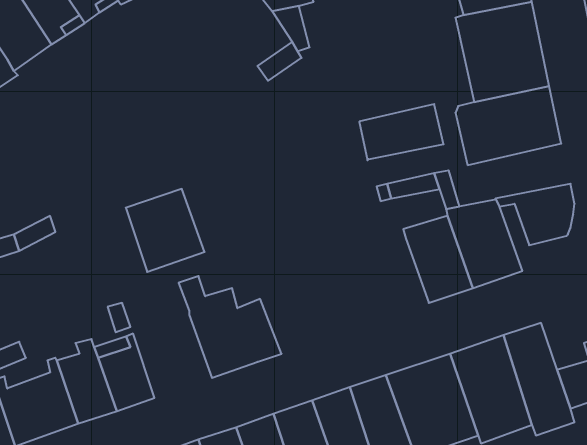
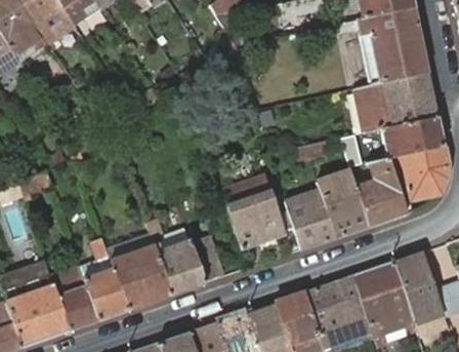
building: [359,104,444,160] -> [380,115,445,158]
building: [126,189,205,272] -> [110,246,170,310]
building: none -> [221,177,287,250]
building: none -> [285,188,336,248]

